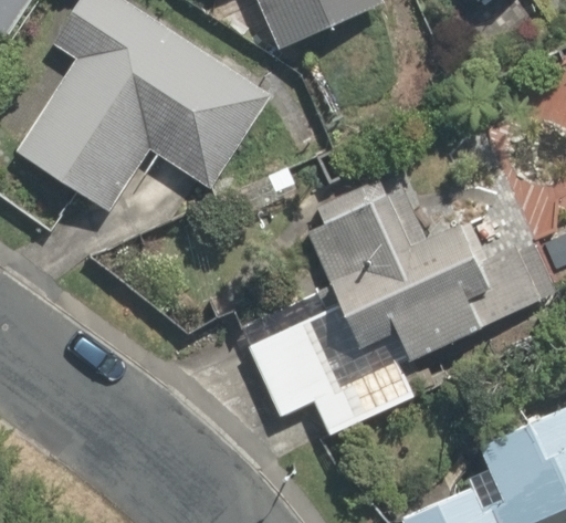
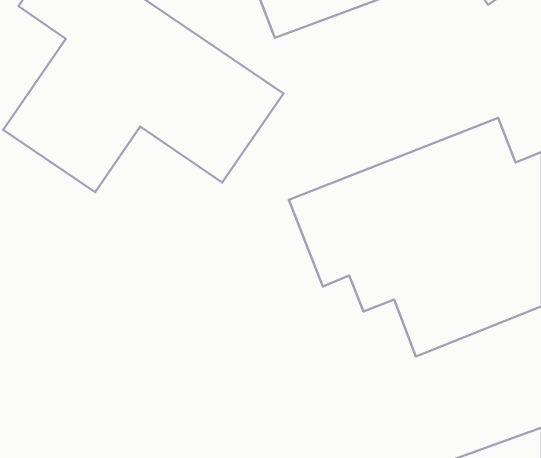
building: [239,300,420,435] -> none

